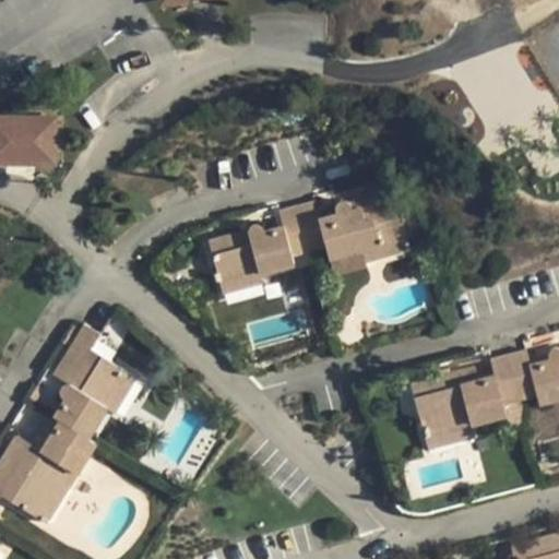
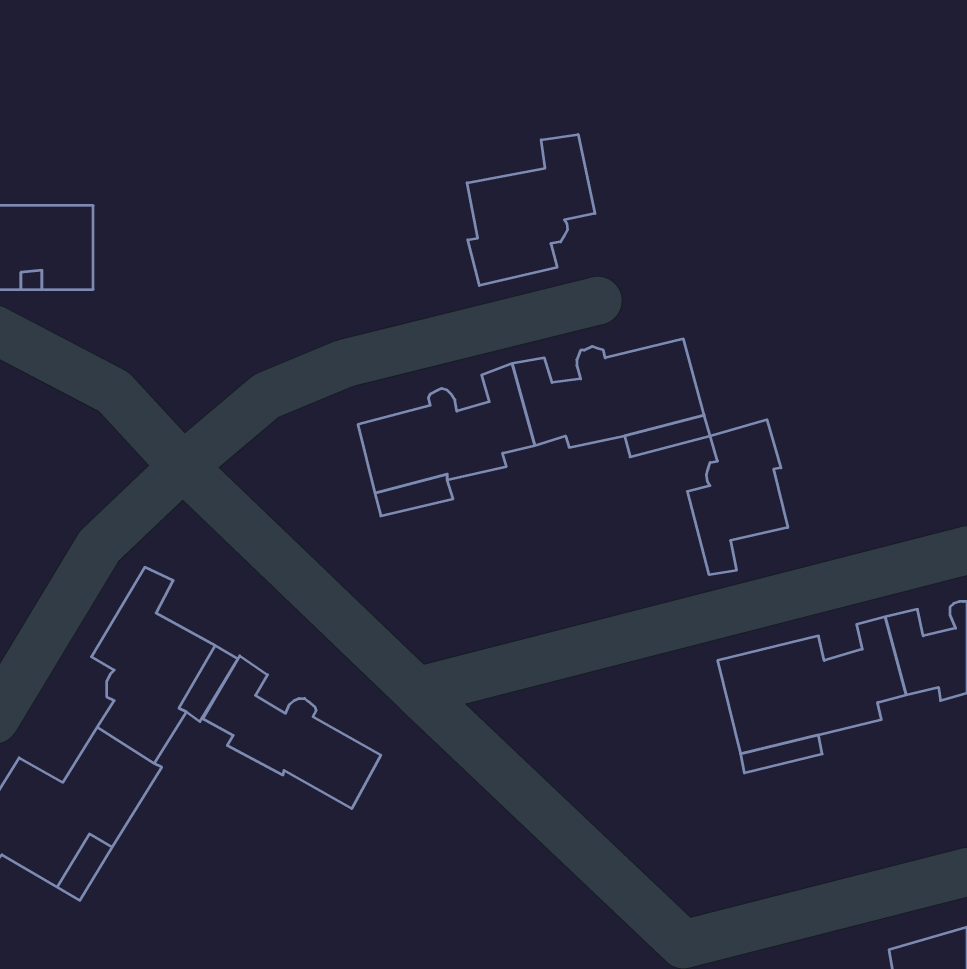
building: none -> [467,134,595,286]
building: none -> [687,420,788,575]
building: none -> [203,656,381,809]

